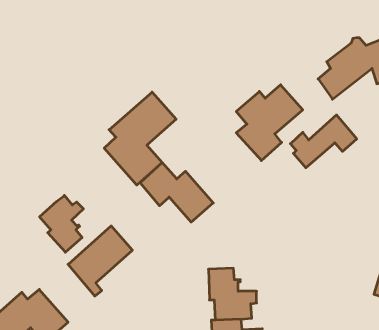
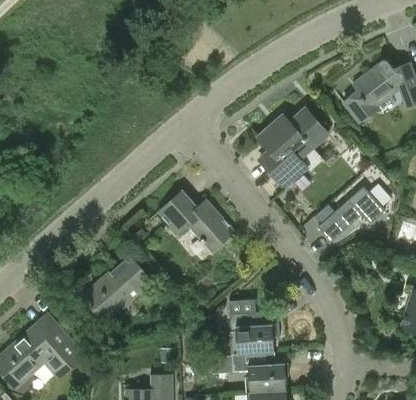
building: [104,92,176,185] -> none
building: [290,115,357,168] -> [317,184,386,239]
building: [40,195,83,252] -> none

